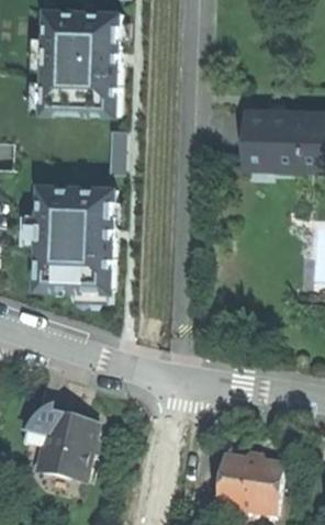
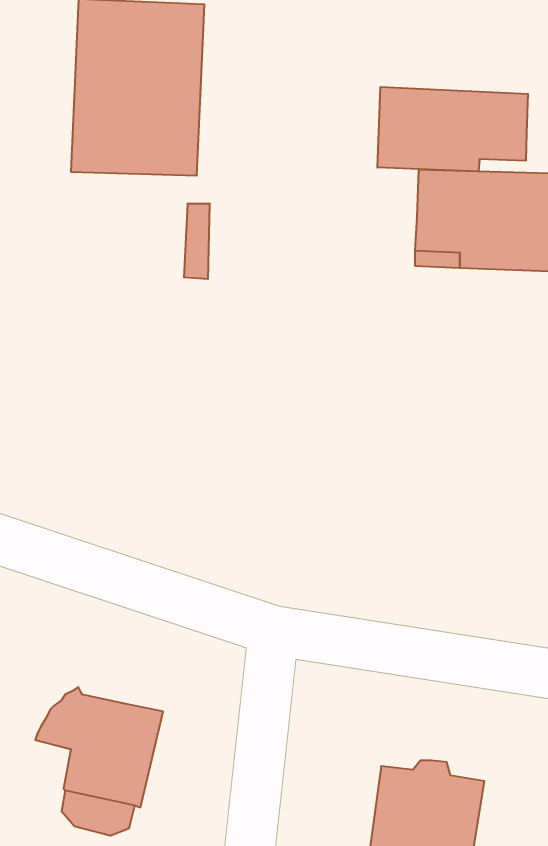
building: none -> [378,87,528,172]
building: [36,183,113,288] -> none

